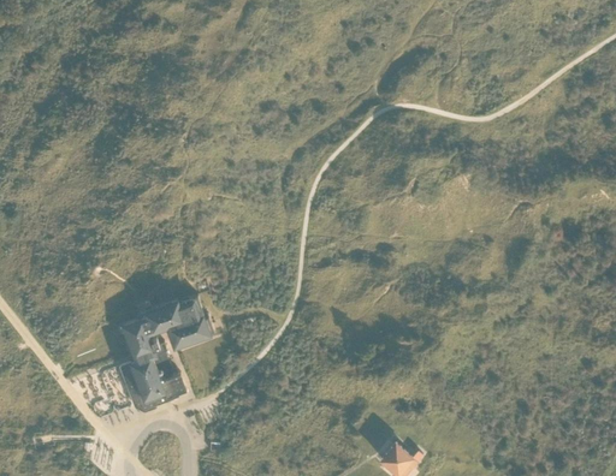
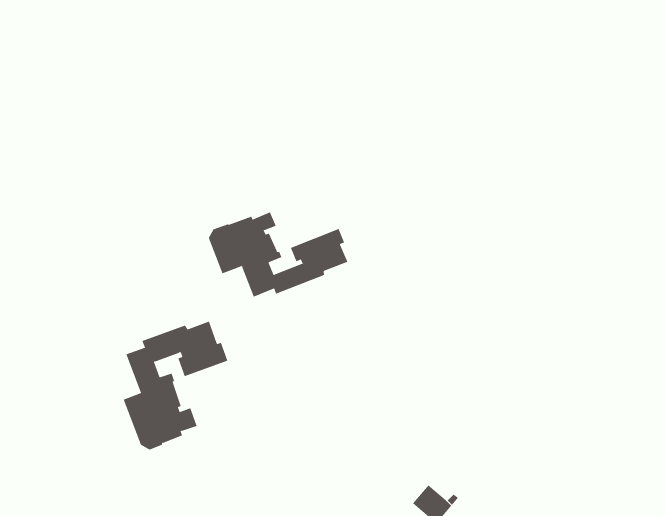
building: none -> [208,212,348,297]

